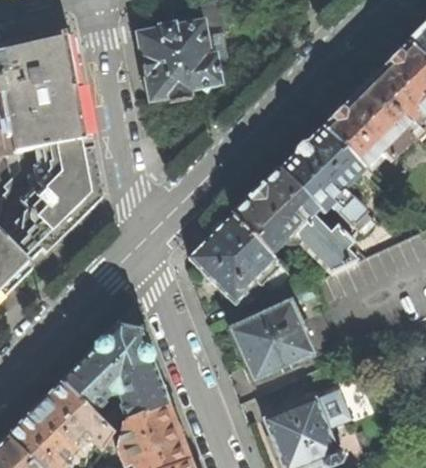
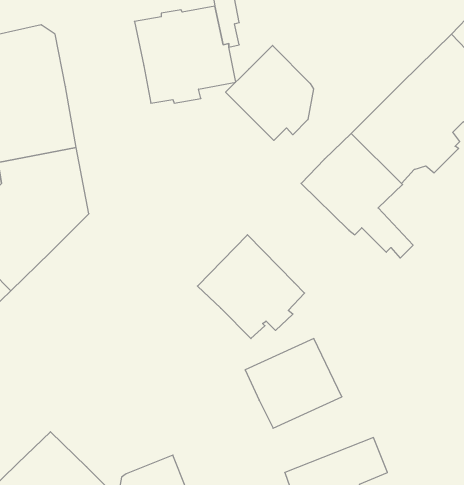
building: none -> [226,45,313,140]
building: [231,170,356,274] -> none
building: [62,324,167,419] -> none

